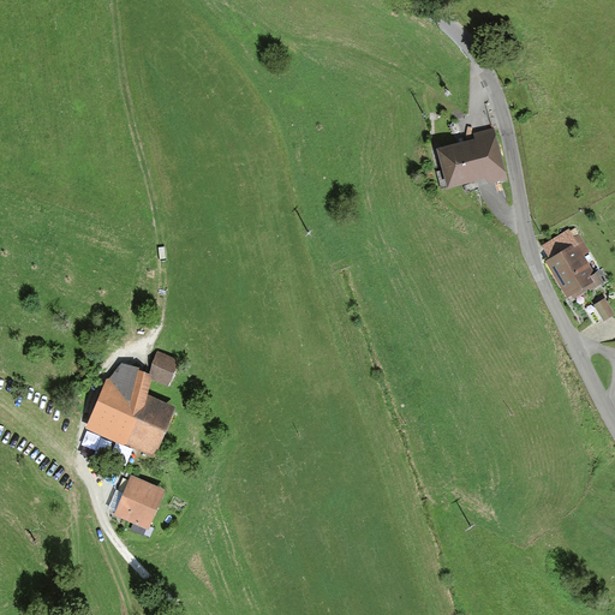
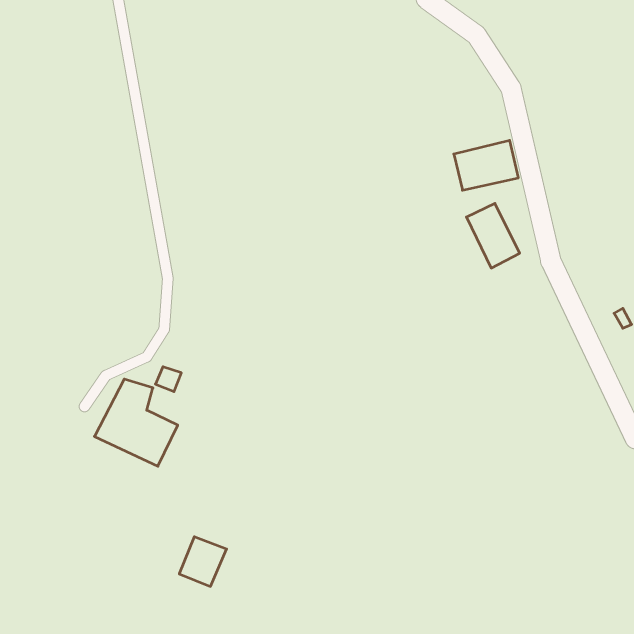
building: [543,233,595,295] -> [466,203,520,268]
building: [117,477,162,525] -> [179,537,227,586]

